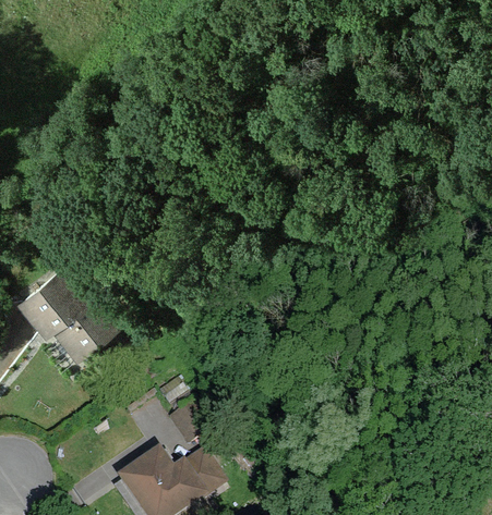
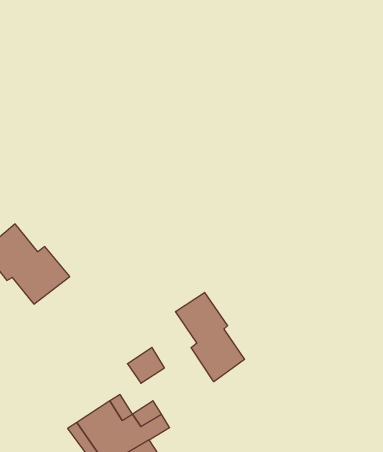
building: none -> [176,292,245,382]

